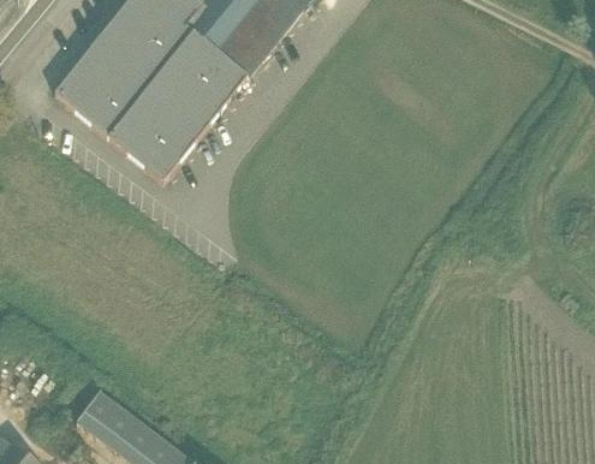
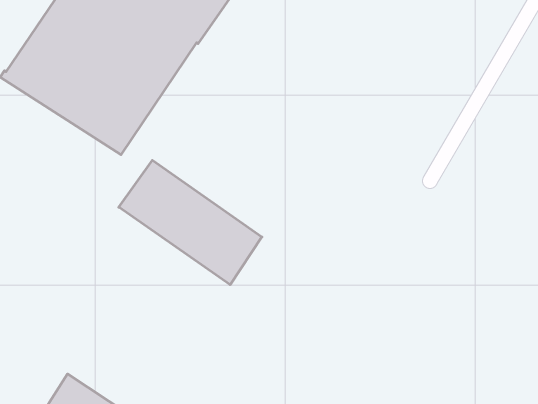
building: none -> [119,160,262,285]

